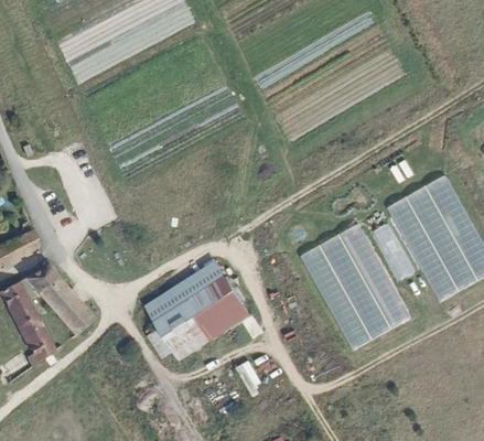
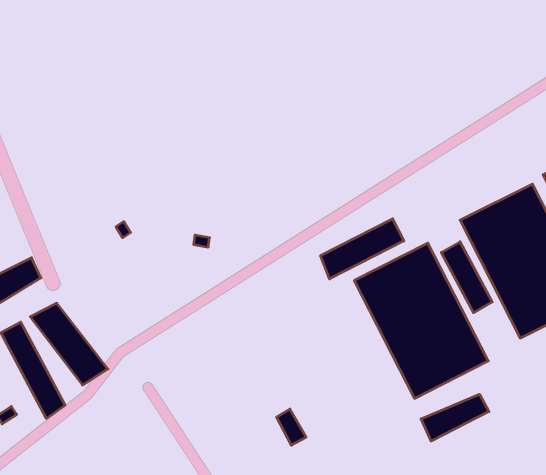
building: none -> [321,219,404,279]
building: [146,259,252,361] -> none
building: none -> [421,394,489,441]

